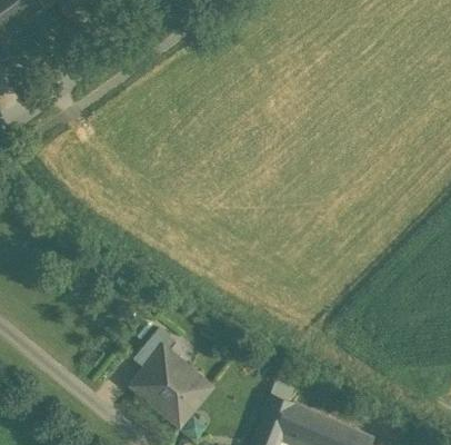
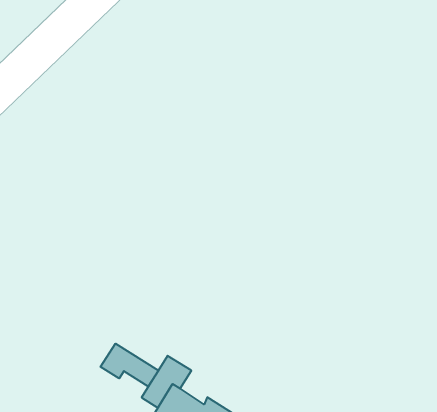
building: none -> [101,344,158,387]

